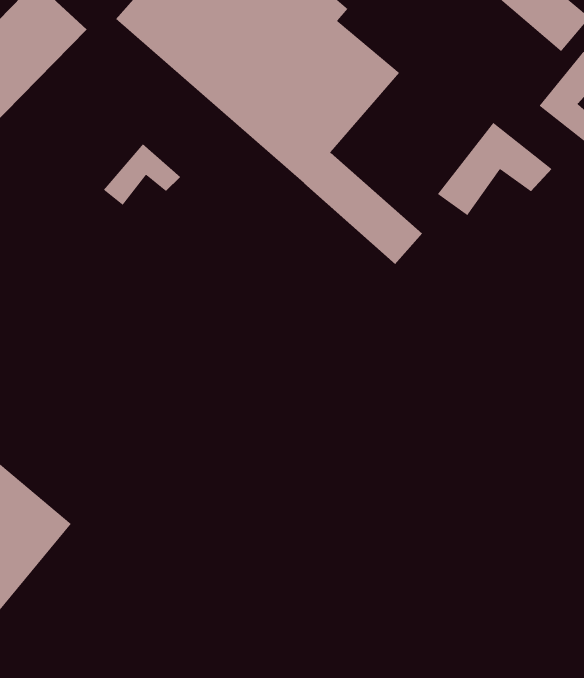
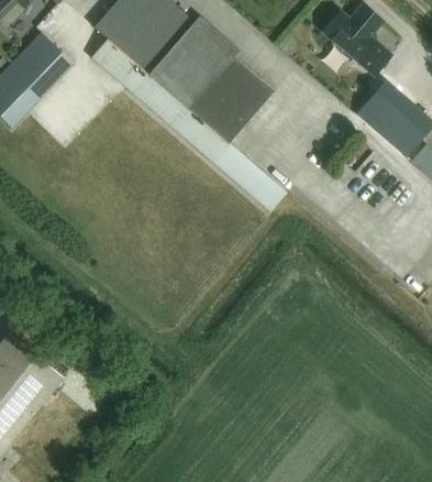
building: [437,122,552,216] -> none
building: [103,143,181,206] -> none

